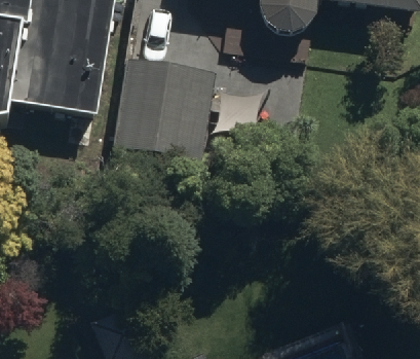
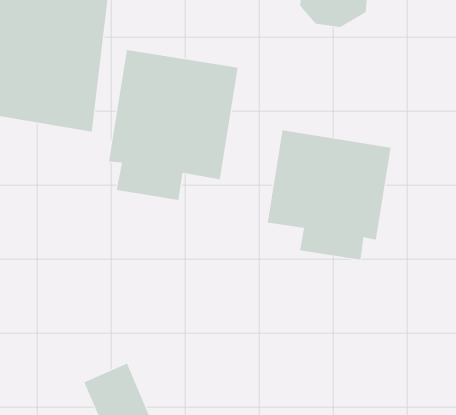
building: none -> [267,130,391,261]

